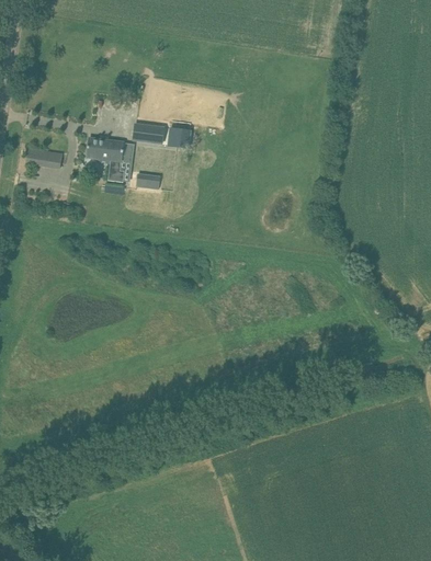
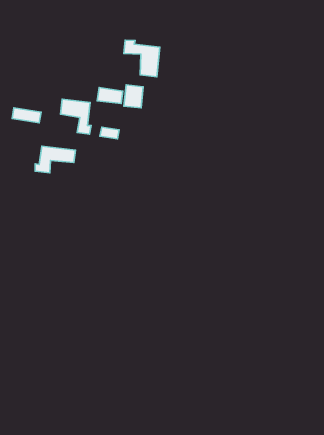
building: none -> [124,40,160,77]
building: none -> [35,146,75,173]

